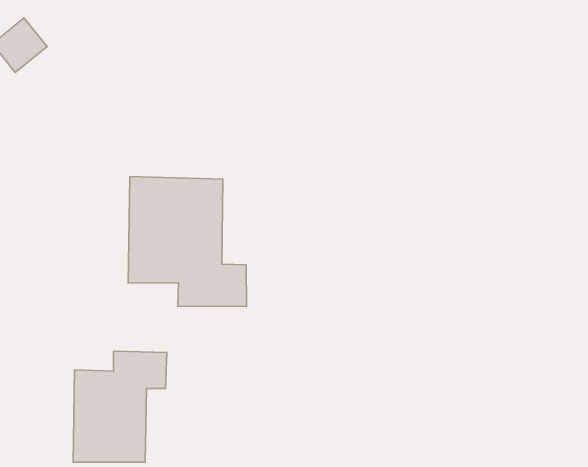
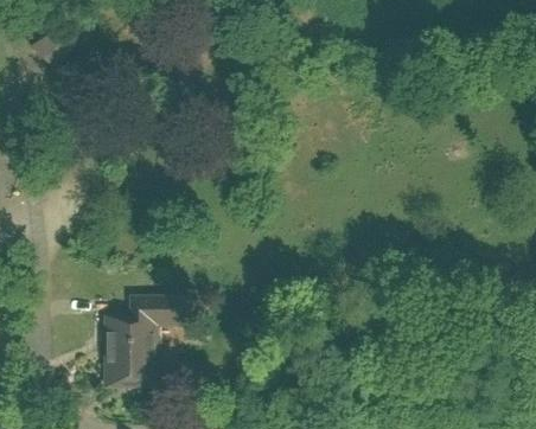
building: [128,177,247,307] -> none

